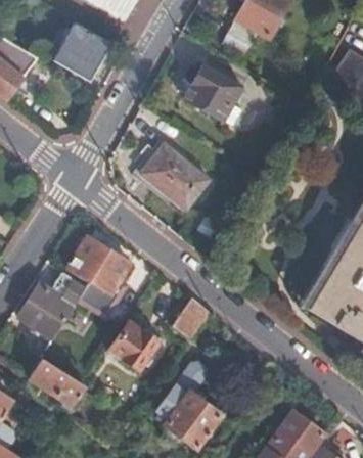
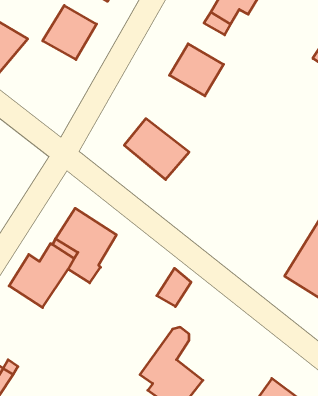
building: [106,321,160,369] -> none
building: [30,357,85,405] -> none

